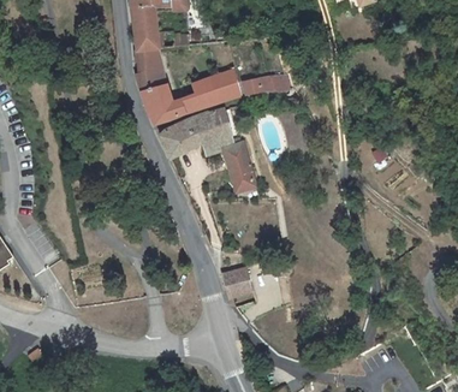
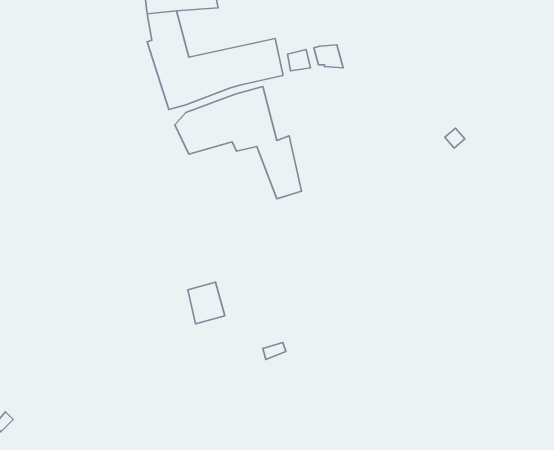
building: [222,262,251,295] -> [188,282,225,324]

